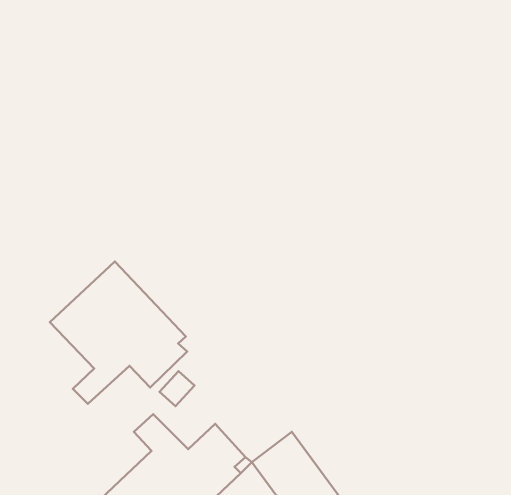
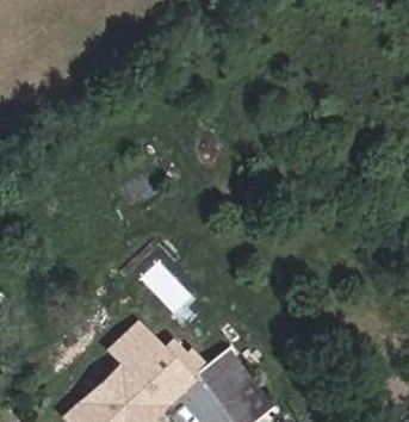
building: [50,262,187,404] -> none

